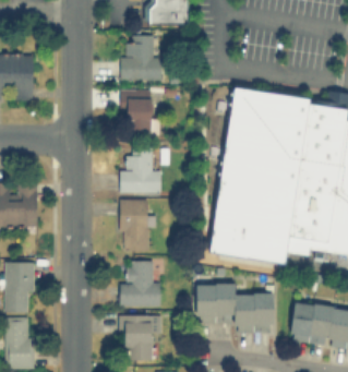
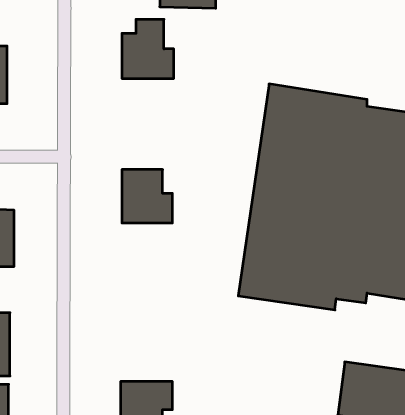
building: [120,91,152,134] -> none
building: [120,201,153,250] -> none
building: [119,262,156,307] -> none
building: [194,284,273,334] -> none

